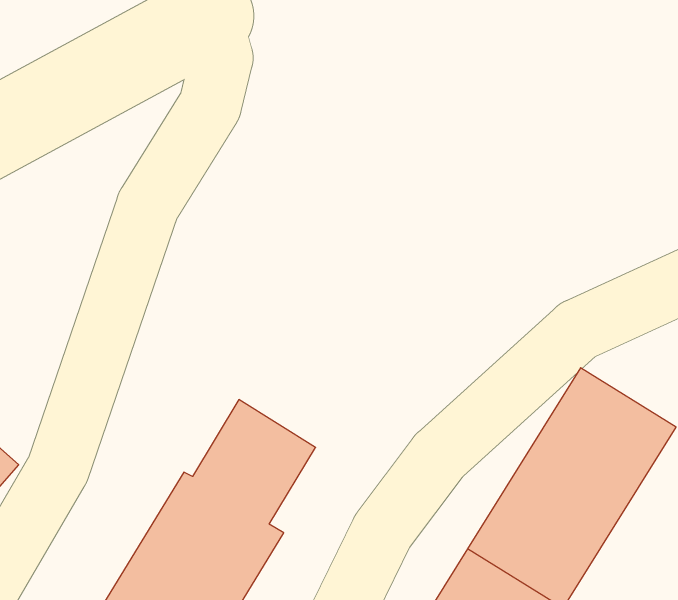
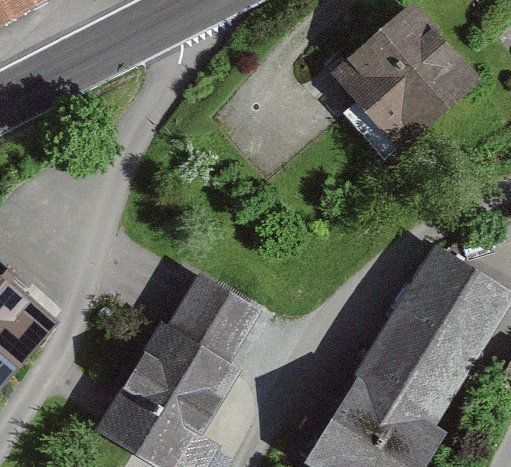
building: none -> [339,12,472,158]

